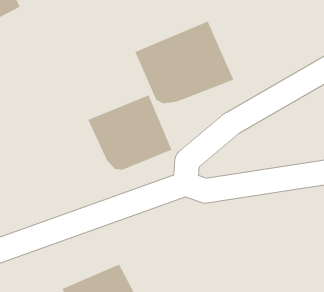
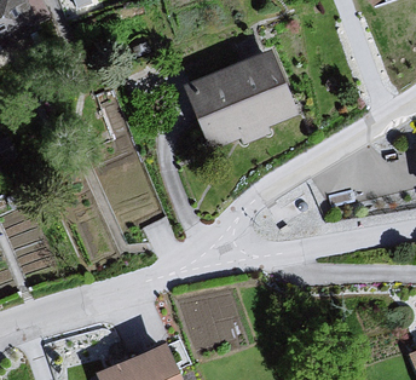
building: [87,95,172,170] -> none

